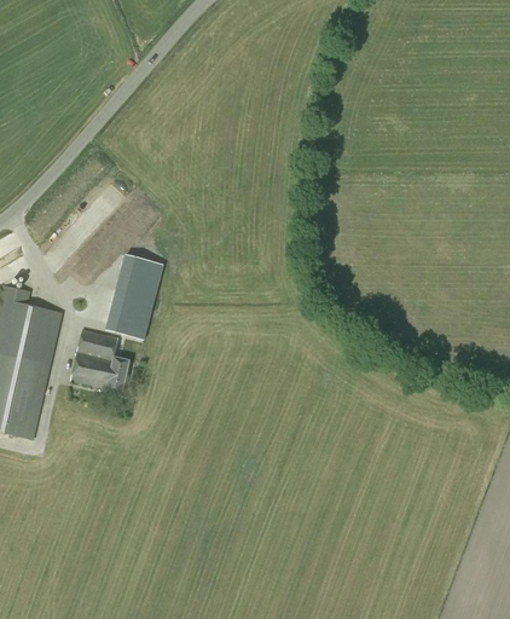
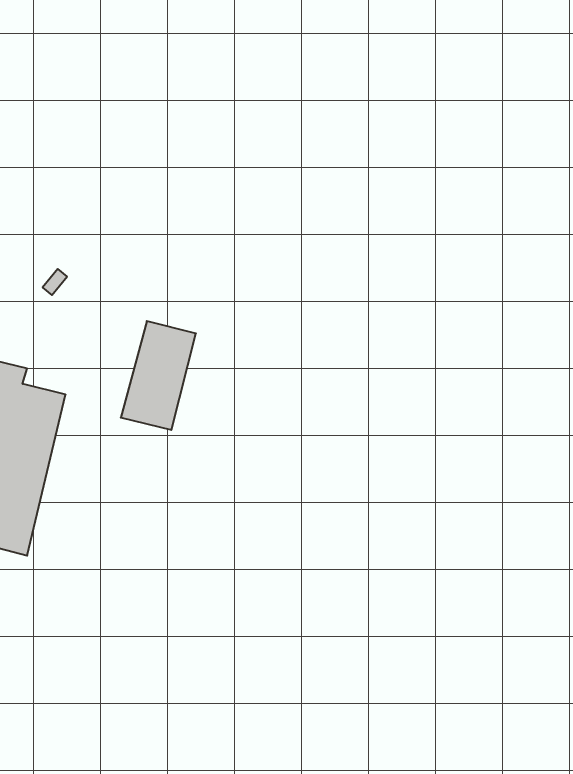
building: [70,328,128,393] -> none

